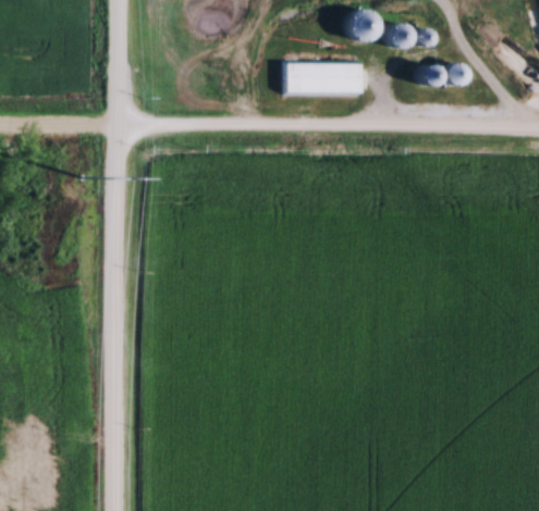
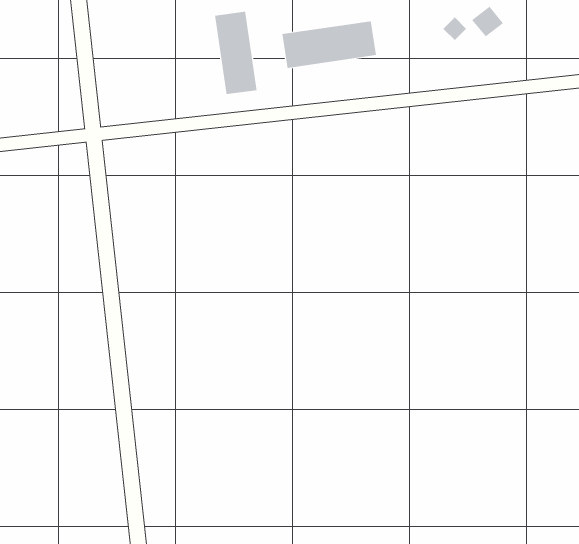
building: none -> [214,11,257,95]

